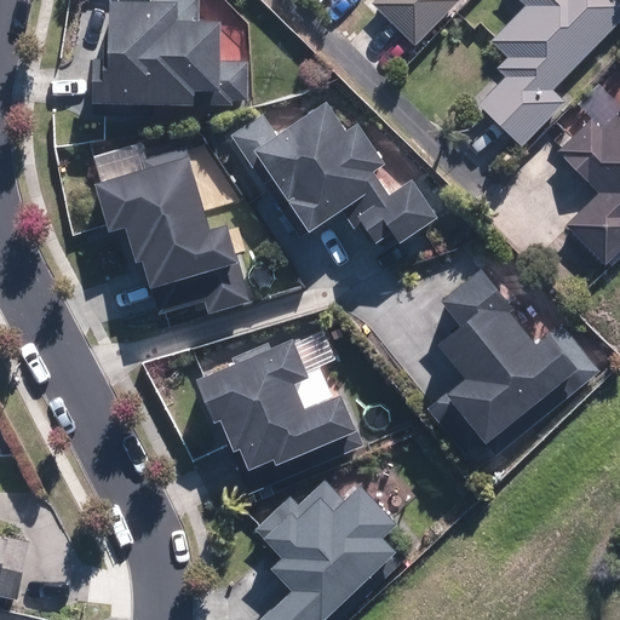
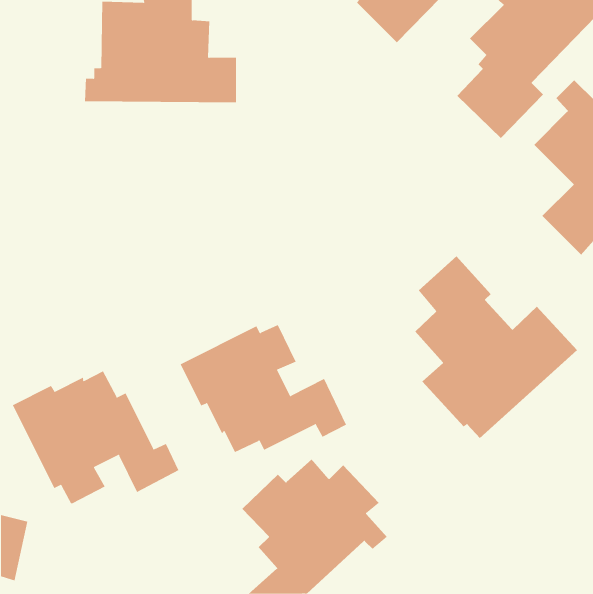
building: [232,102,436,242] -> none
building: [93,153,253,327] -> none
building: none -> [12,371,179,504]

